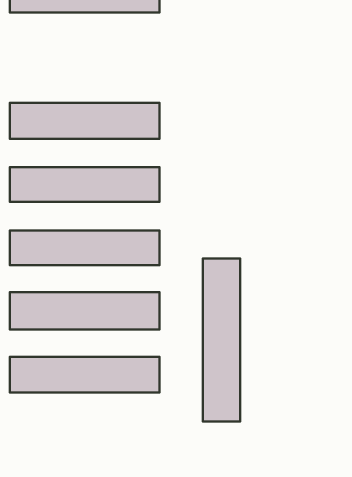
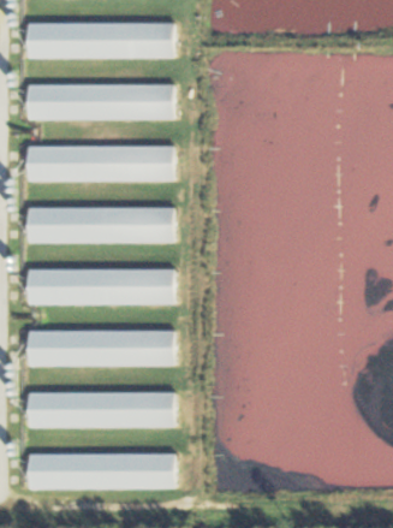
building: none -> [28,84,173,119]
building: [203,258,240,422] -> none
building: none -> [29,453,173,490]

